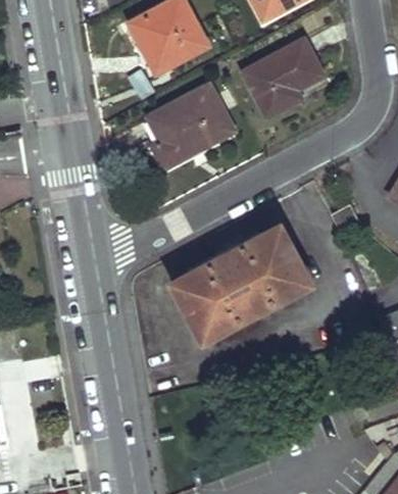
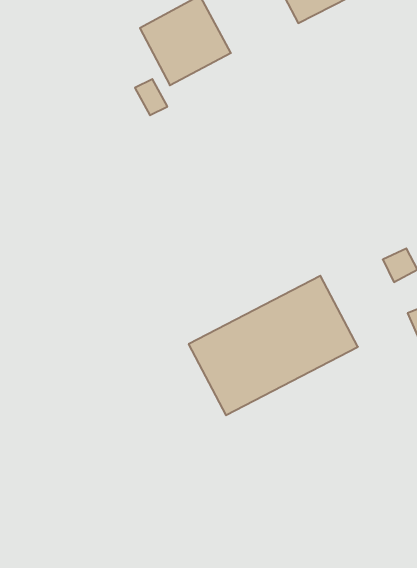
building: [242,39,327,115] -> none
building: [149,86,233,167] -> none

